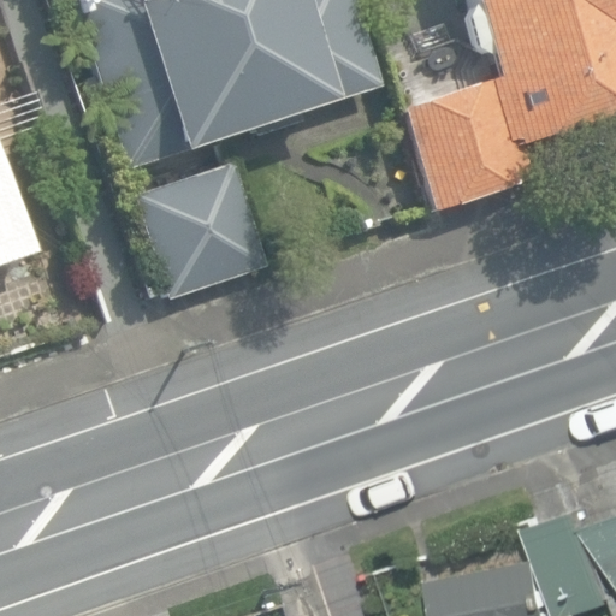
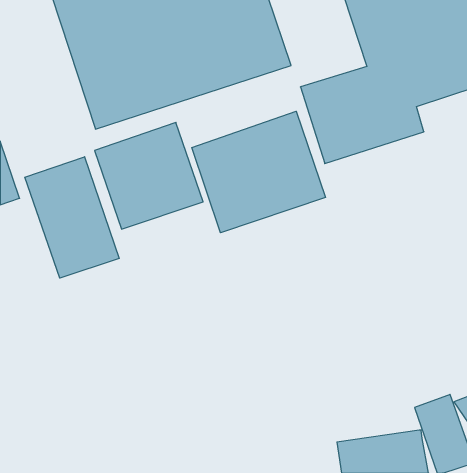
building: none -> [192,111,326,233]
building: none -> [25,157,119,278]

